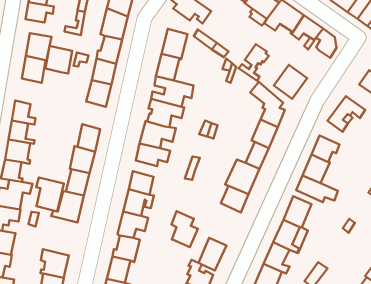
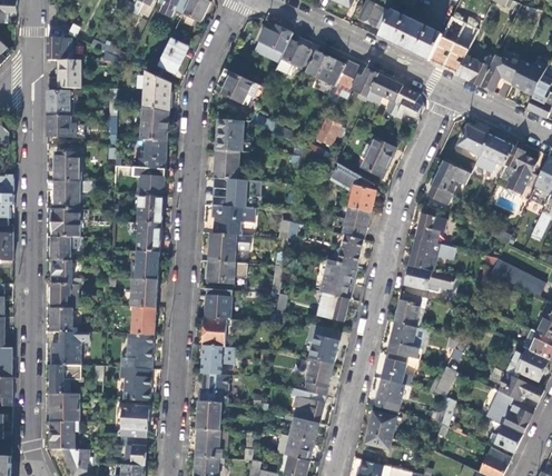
building: [46,46,72,73] -> [51,207,79,236]
building: none -> [136,221,160,251]
building: [36,177,64,211] -> [118,365,150,401]
building: [171,211,198,247] -> [306,324,338,364]

